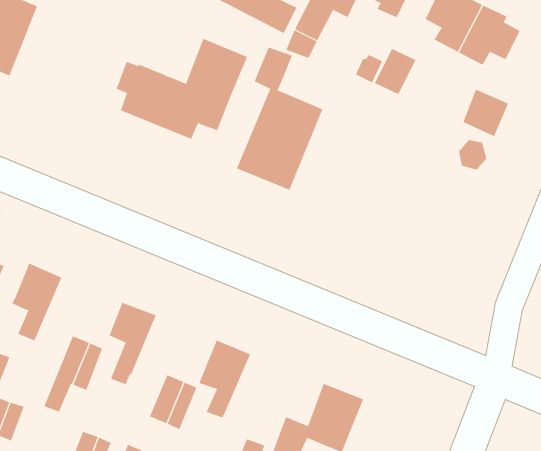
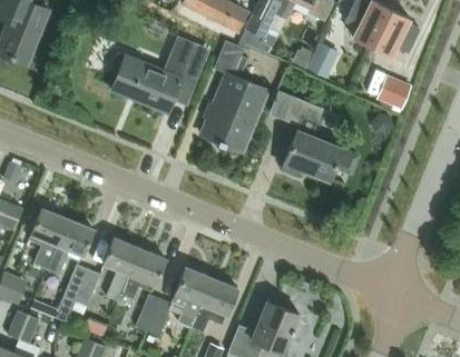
building: none -> [281,98,358,180]
building: none -> [46,219,92,274]
building: none -> [120,248,165,299]
building: none -> [190,278,237,333]

